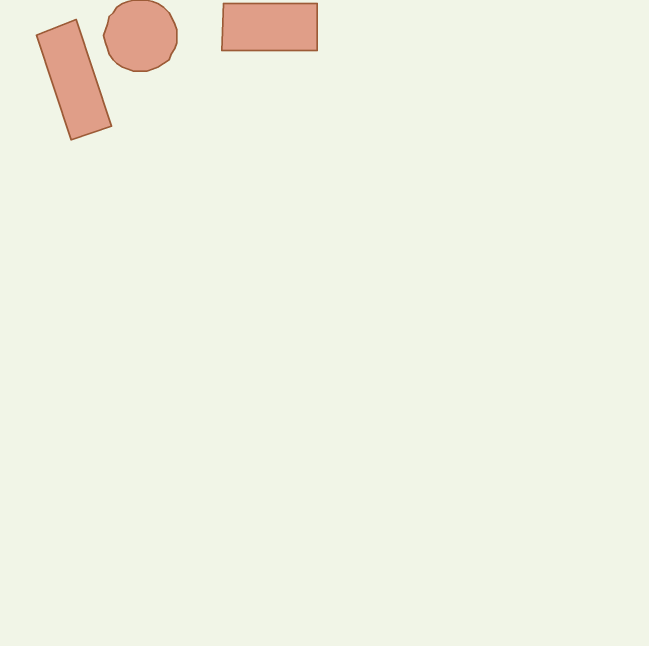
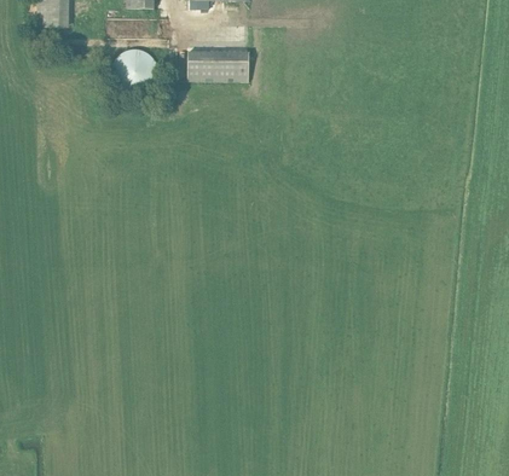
building: [36,20,111,140] -> none

